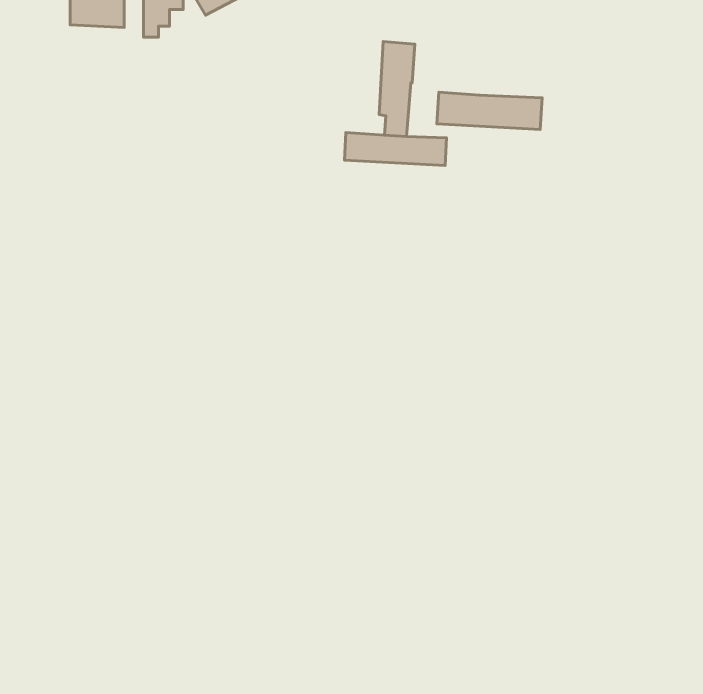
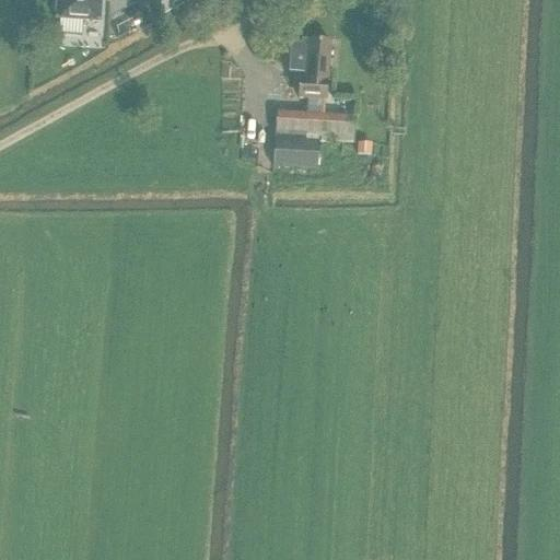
building: [437,92,542,130] -> none
building: none -> [272,130,317,161]

